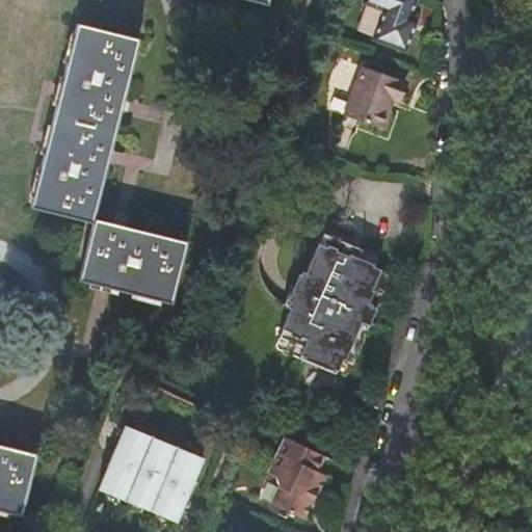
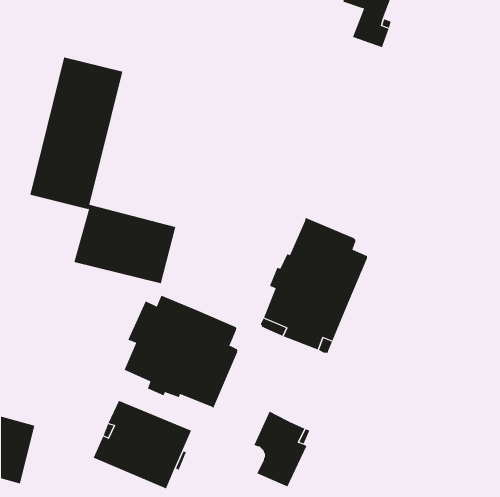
building: [68,23,139,76] -> none
building: [347,66,405,129] -> none
building: none -> [124,295,238,409]

